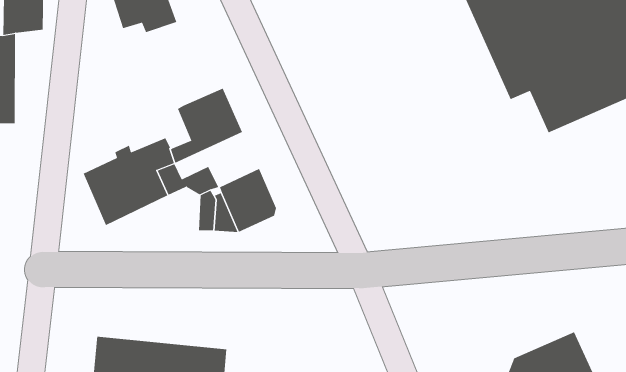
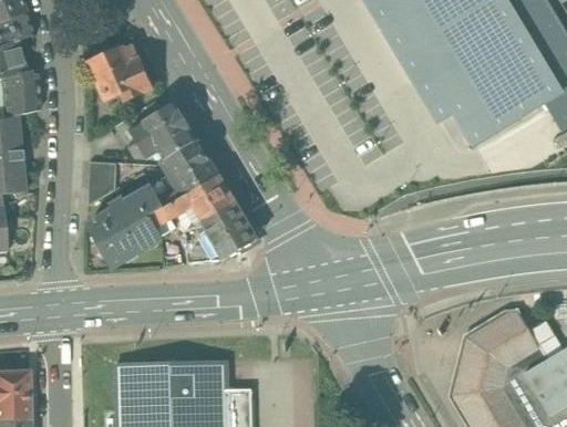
building: none -> [130,105,197,160]
building: none -> [87,164,116,207]
building: none -> [164,177,236,226]

